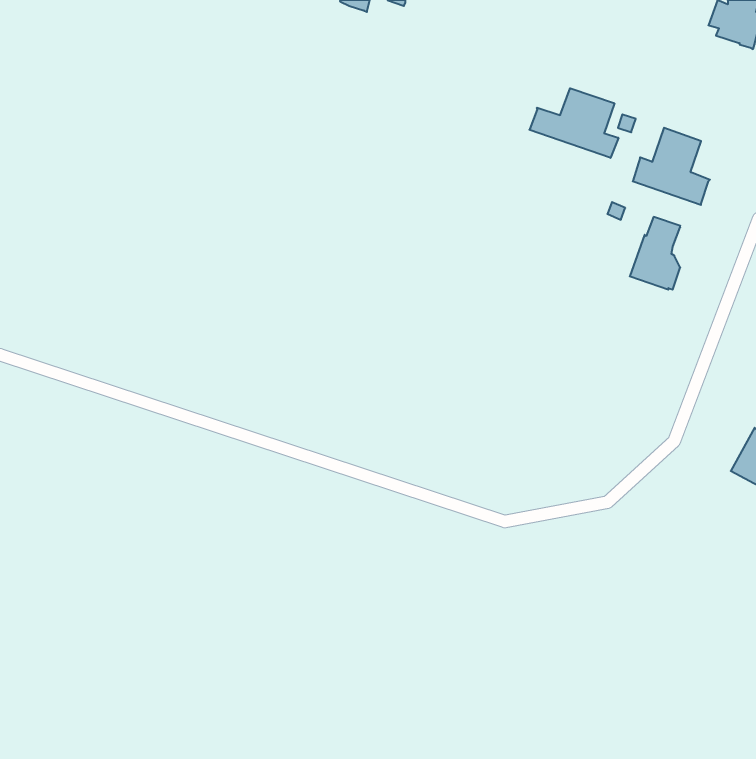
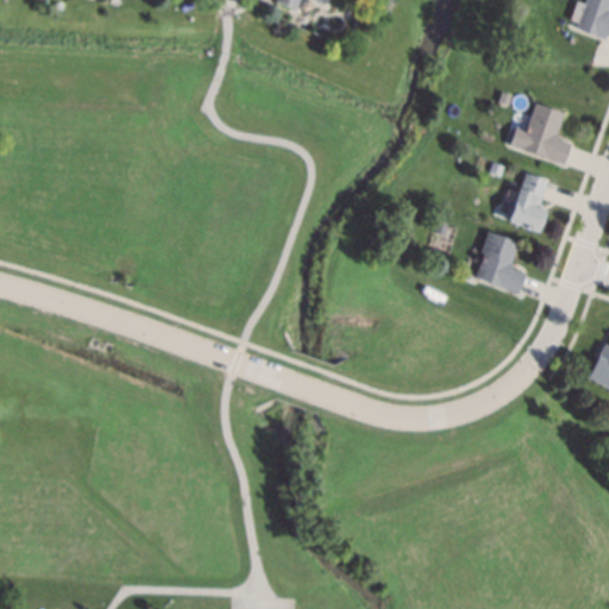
building: [529,88,618,158] -> none
building: none -> [475,231,526,294]

